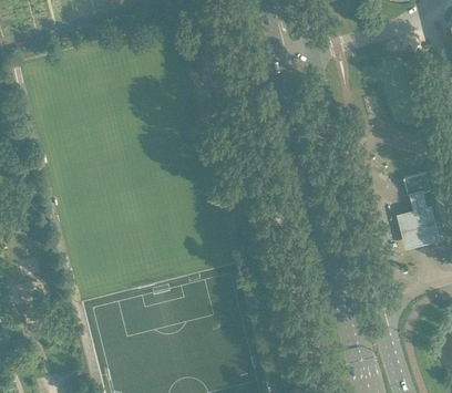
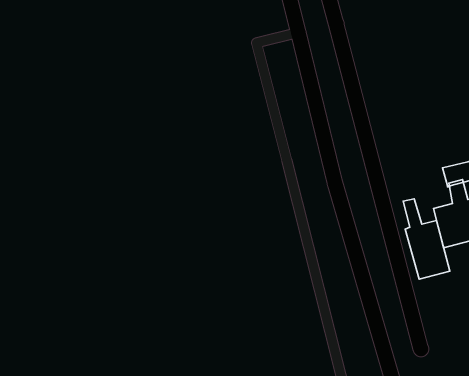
building: none -> [403,199,450,279]

